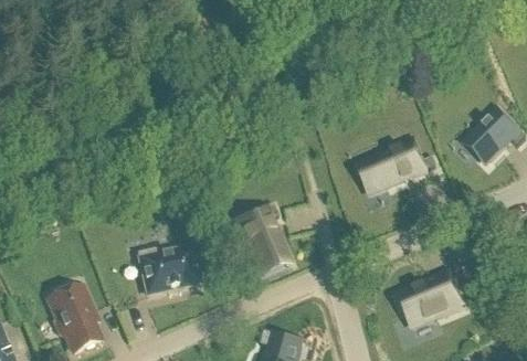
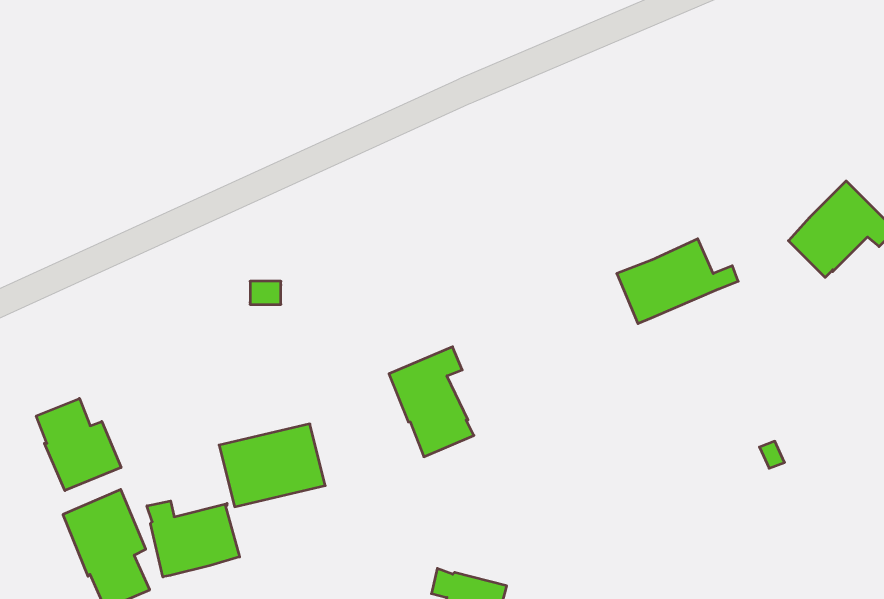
building: none -> [36,398,121,491]
building: [398,272,462,326] -> none
building: none -> [147,501,240,577]

